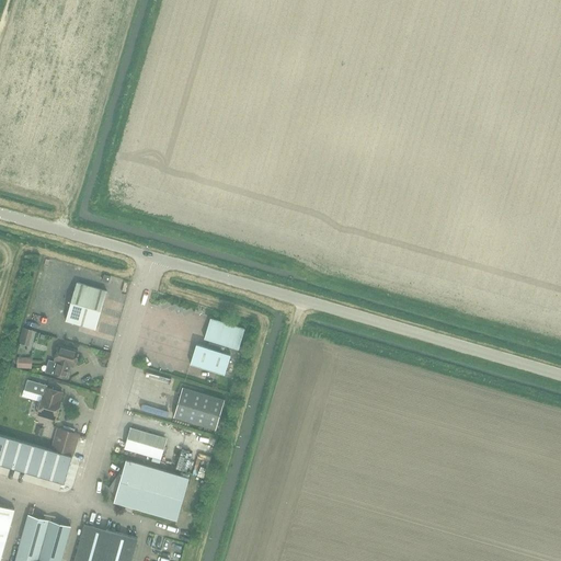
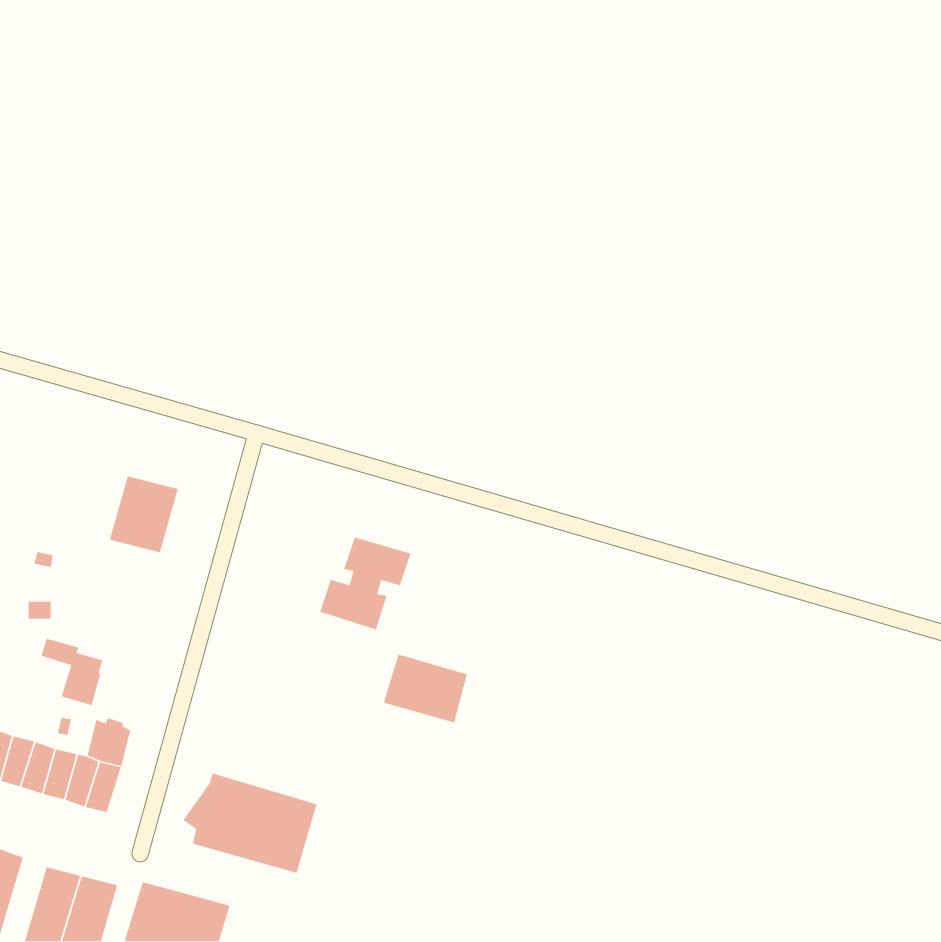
building: [53,345,78,378] -> none
building: [173,388,224,430] -> [383,653,468,723]
building: [125,430,165,457] -> none

